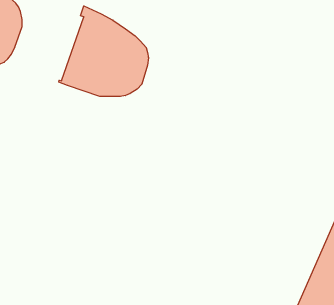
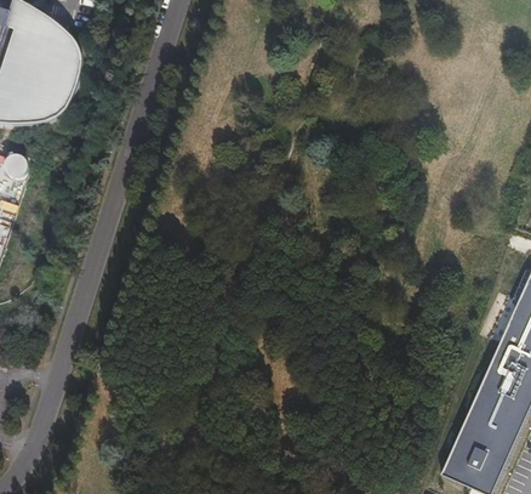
building: [59,6,148,96] -> none

